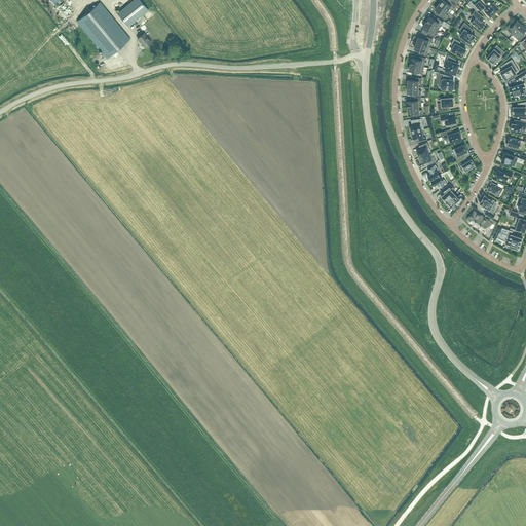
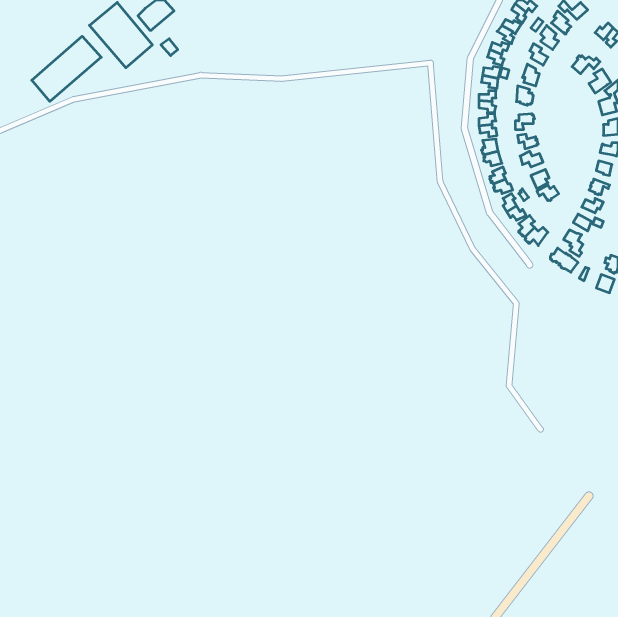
building: none -> [32,36,101,101]

